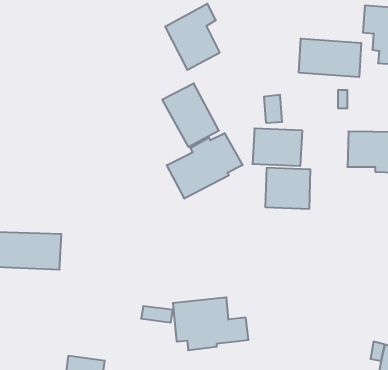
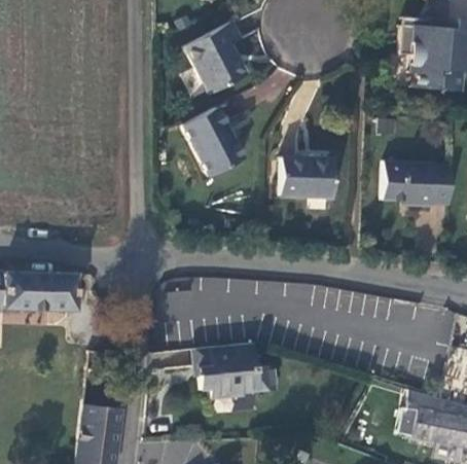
building: [299,38,361,77] -> none
building: [167,133,243,199] -> none
building: [266,168,310,209] -> none

